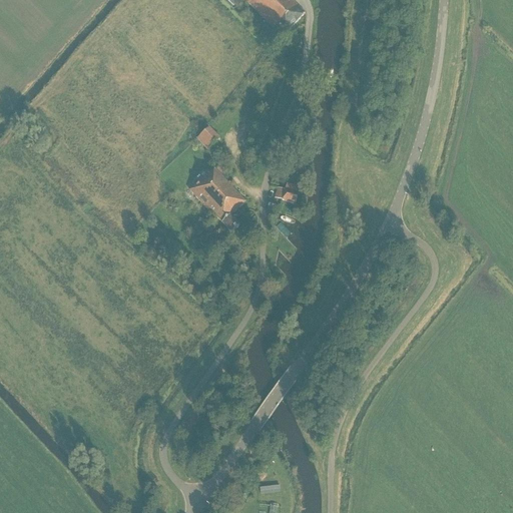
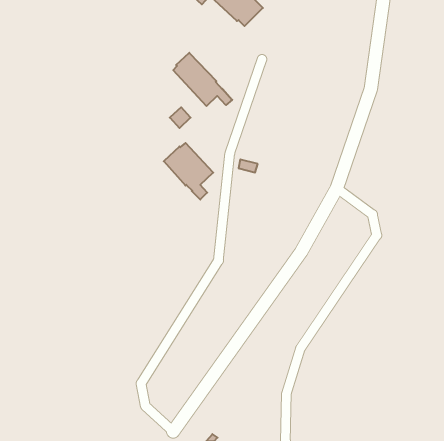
building: none -> [173,53,232,106]

